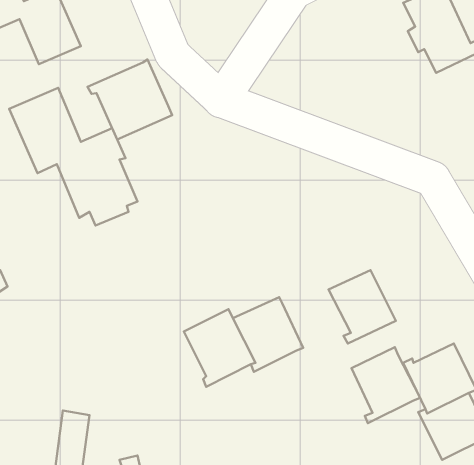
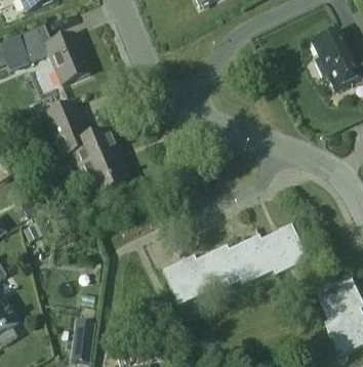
building: [88,60,172,139] -> none
building: [351,347,420,423] -> [229,233,276,285]

